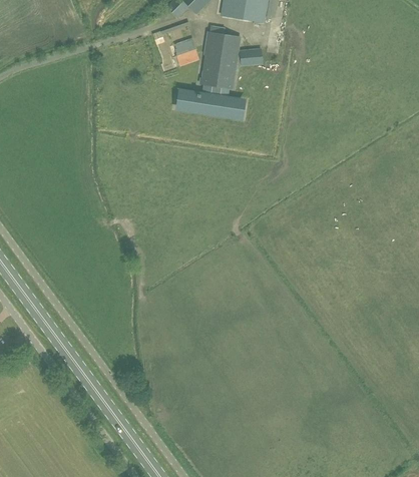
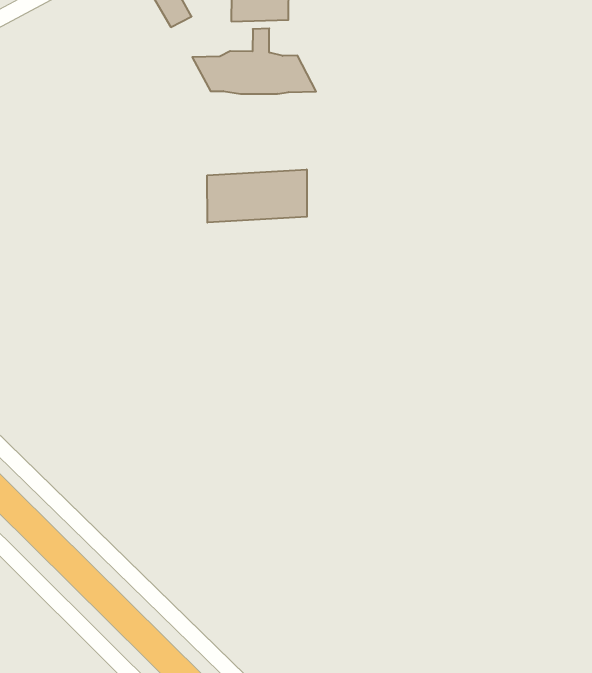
building: none -> [207,169,307,223]

